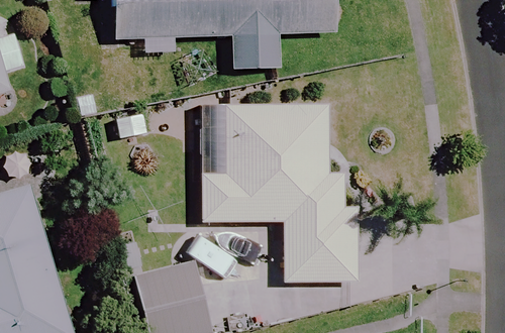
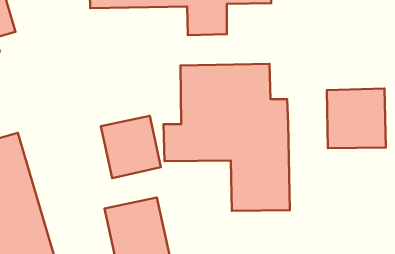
building: none -> [327,89,386,148]
building: none -> [101,116,161,178]

